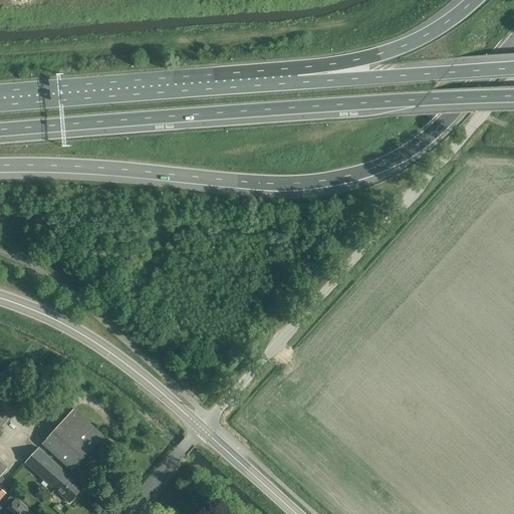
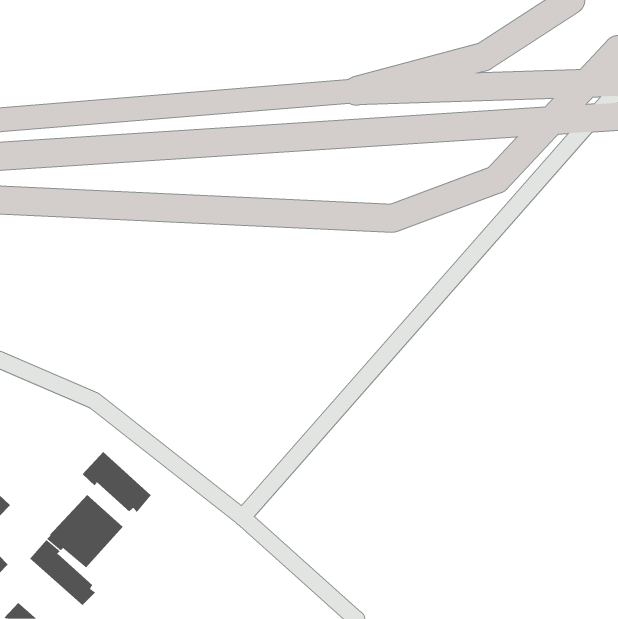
building: none -> [82,451,152,513]

